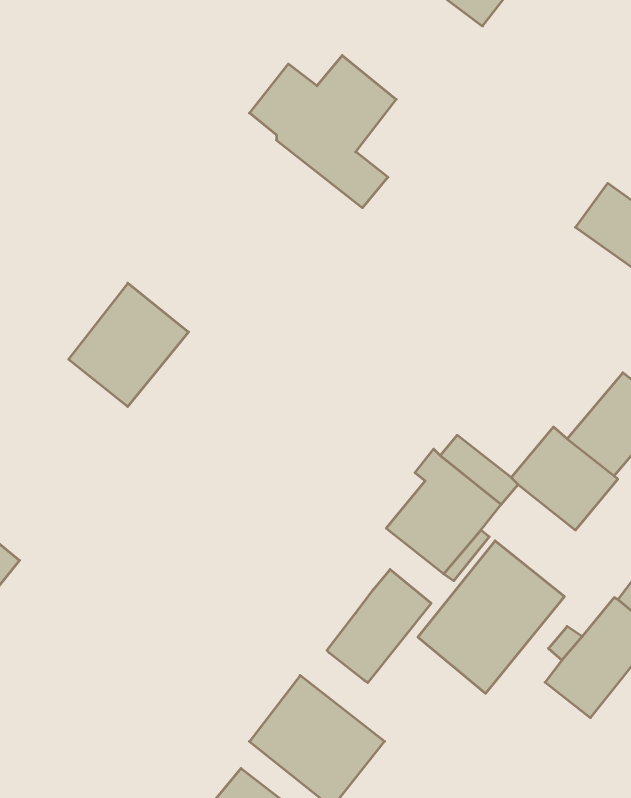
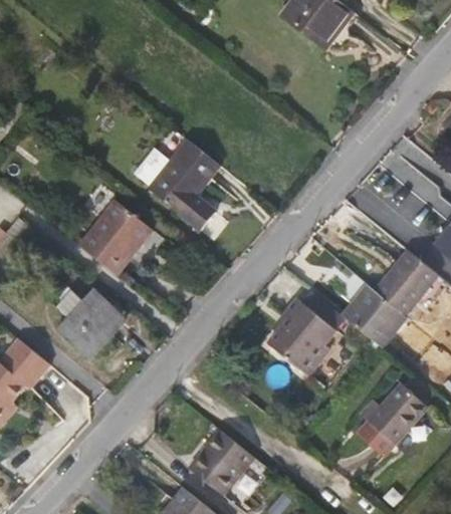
building: [249,55,396,208] -> [132,138,219,228]
building: none -> [55,288,125,358]
building: [418,541,564,693] -> none
building: [327,569,431,683] -> none

